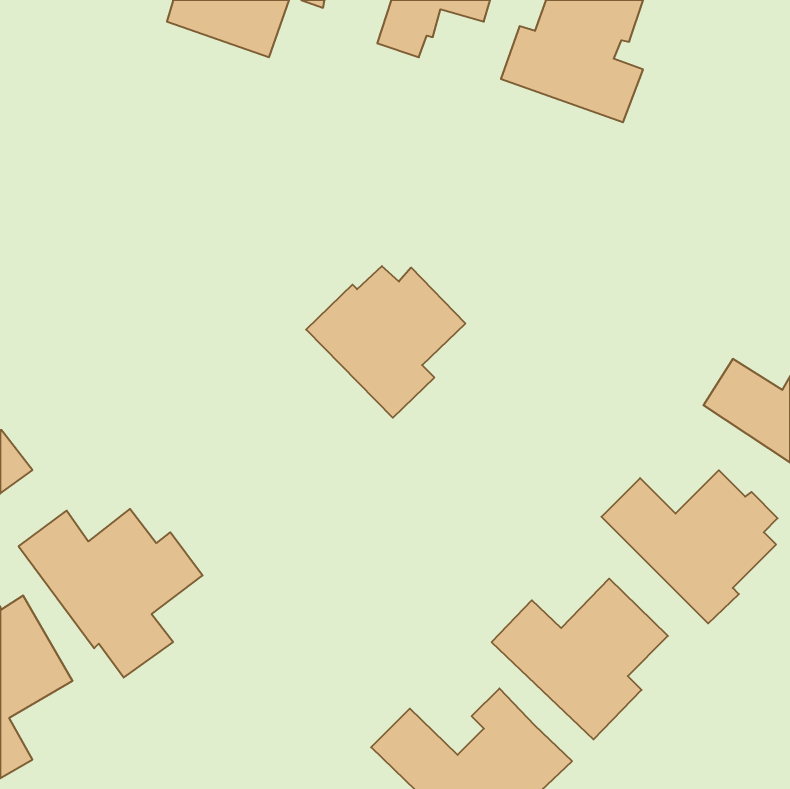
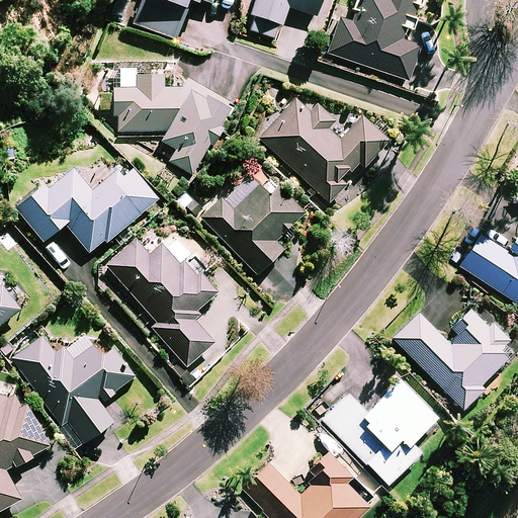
building: none -> [112,67,231,174]
building: none -> [258,97,390,202]
building: none -> [16,167,158,254]
building: none -> [106,238,218,366]

